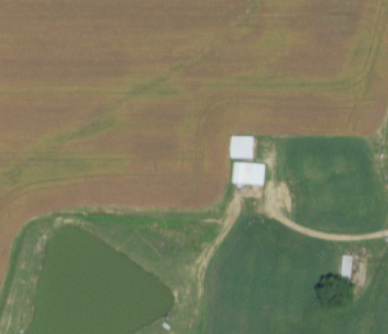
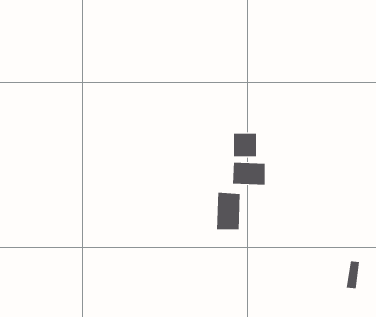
building: none -> [217,192,240,230]

